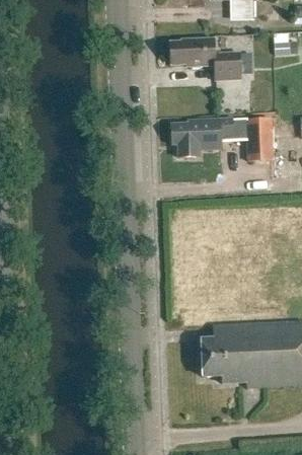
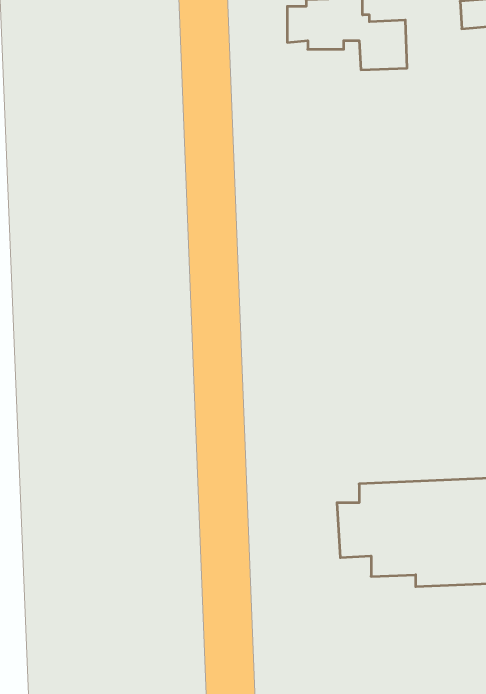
building: [245,118,274,161] -> none
building: [173,120,234,157] -> none

